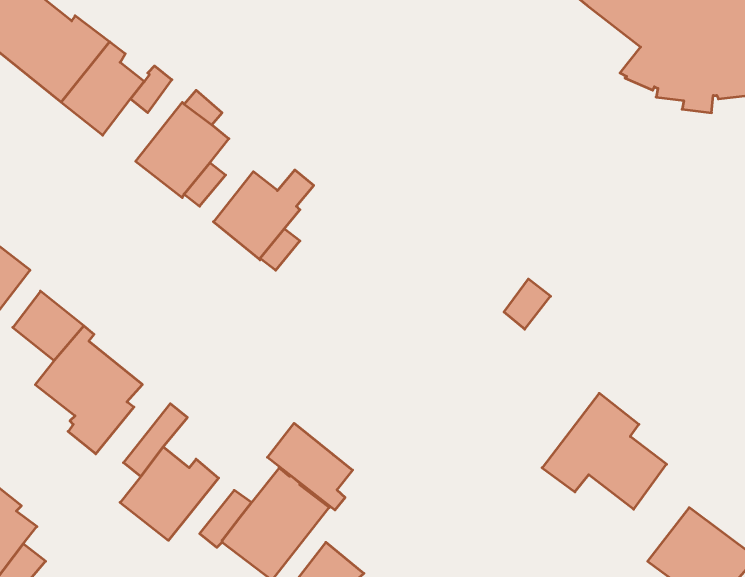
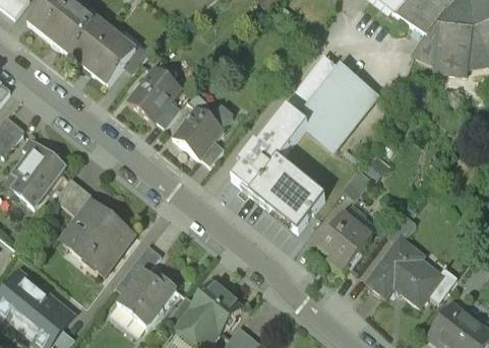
building: none -> [232,57,370,229]
building: none -> [317,209,371,271]
building: [267,423,353,510] -> none

